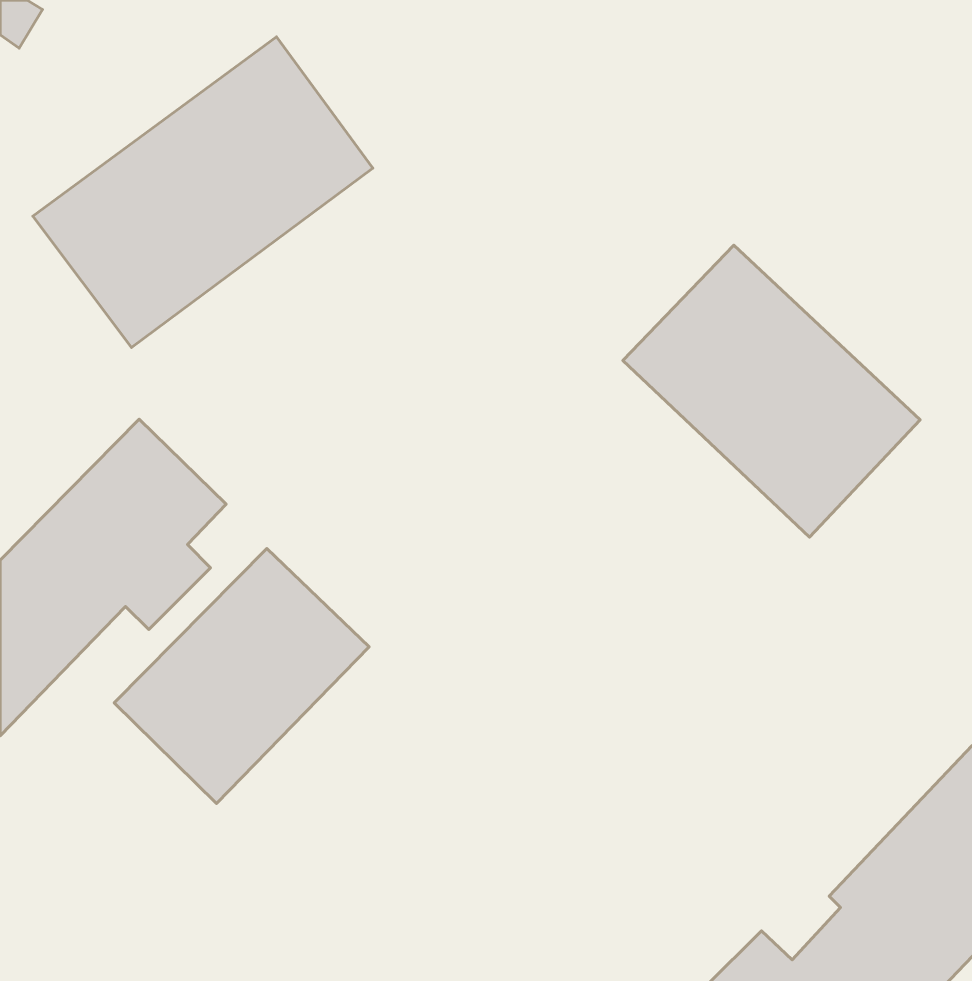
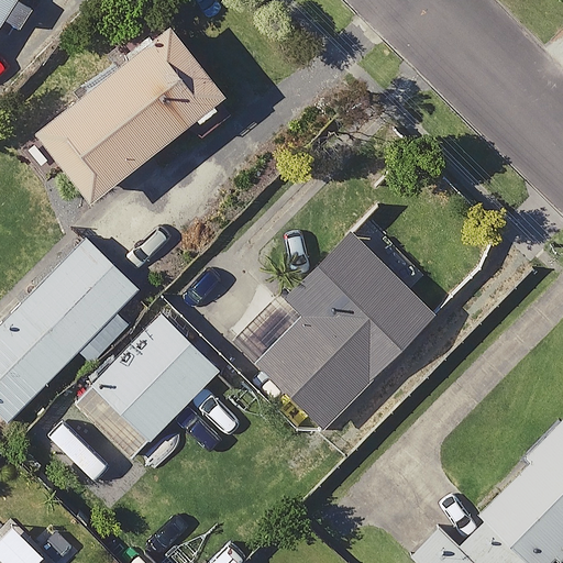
building: [623,245,920,537] -> none
building: none -> [254,229,431,432]

